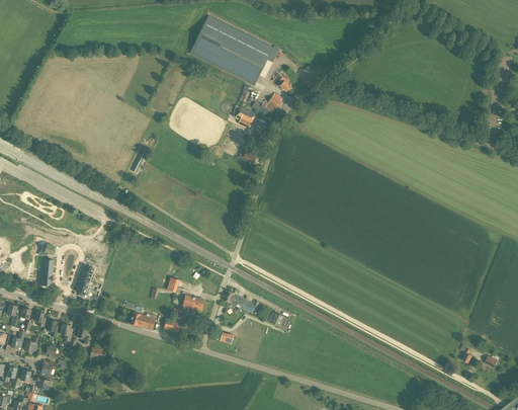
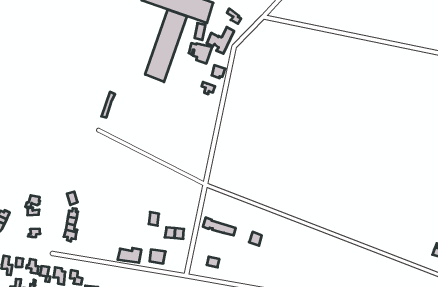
building: none -> [145,10,187,82]

